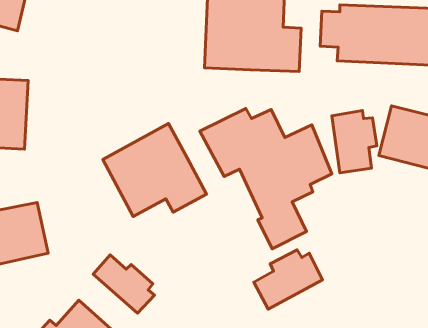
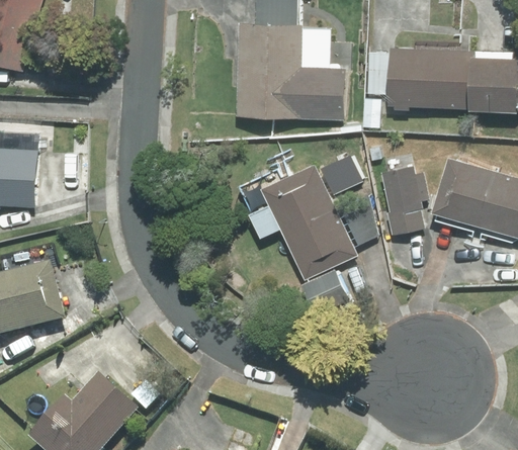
building: [103,124,207,216] -> none
building: [254,250,323,309] -> none
building: [93,255,155,313] -> none

